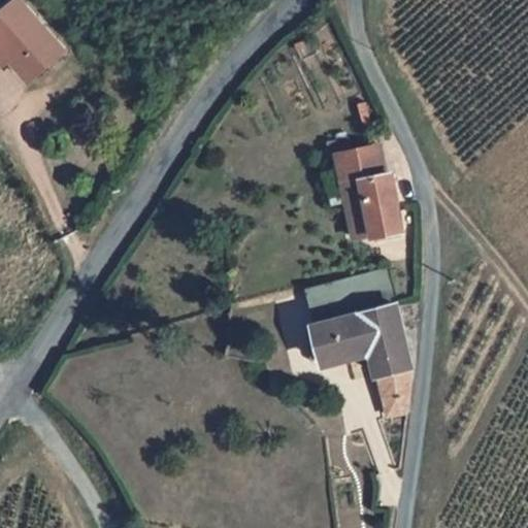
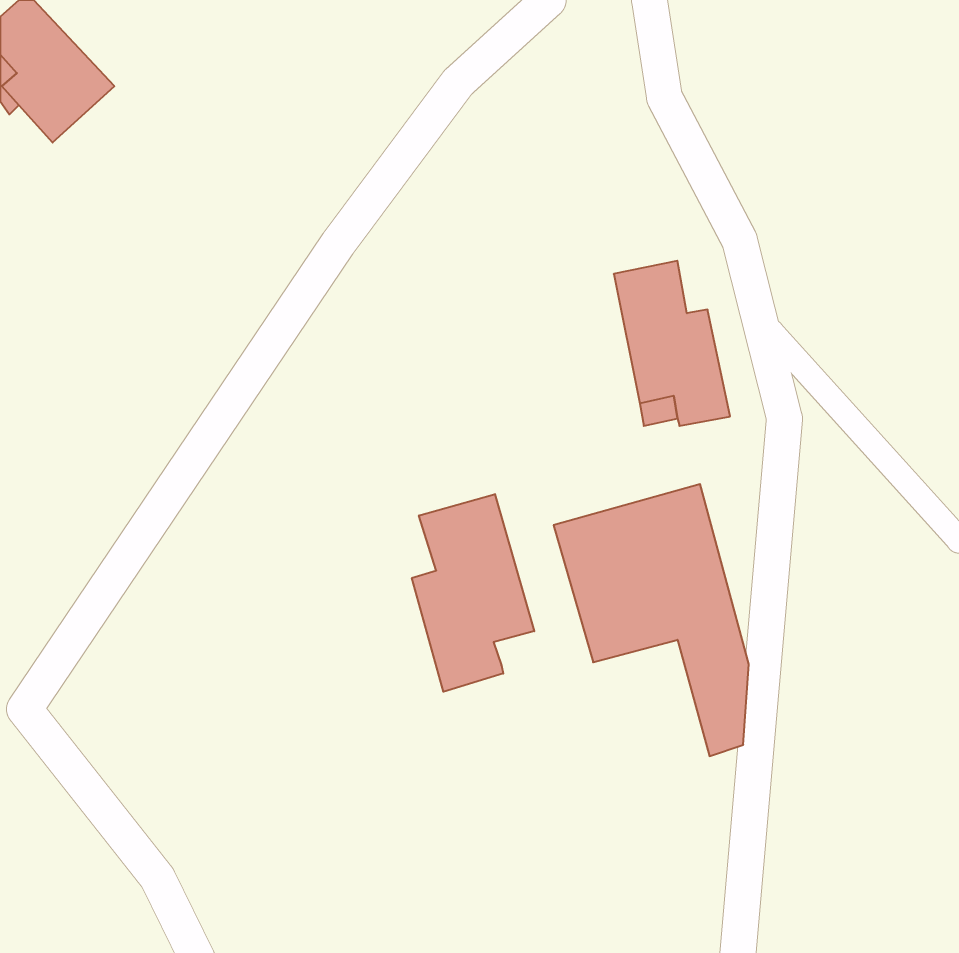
building: none -> [412,494,534,692]

